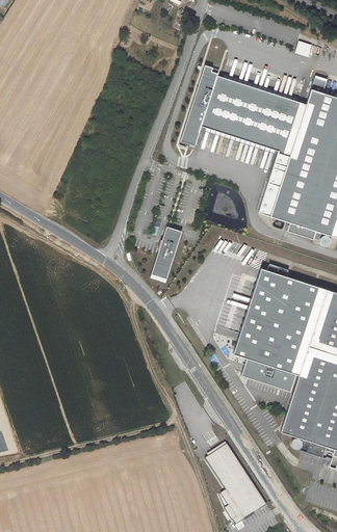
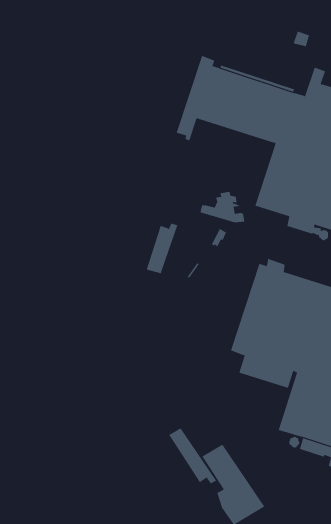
building: none -> [167,424,217,484]

